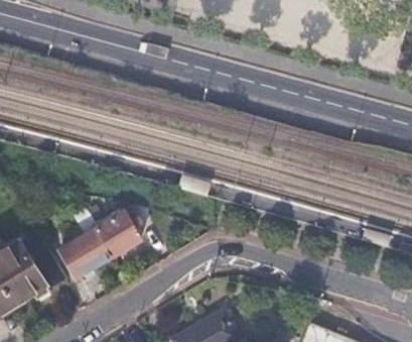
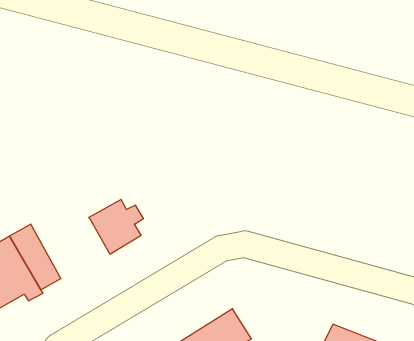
building: [59,228,112,276] -> none

